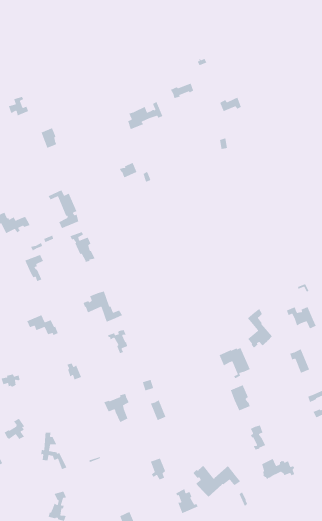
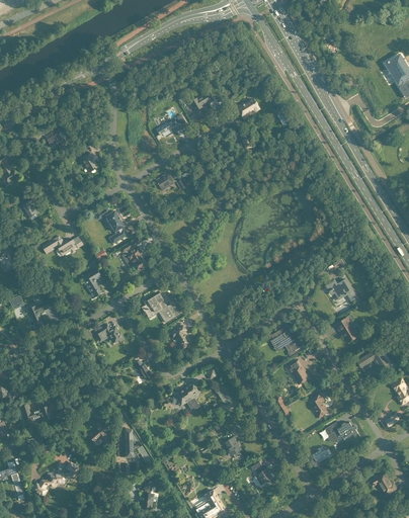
building: [247,308,273,349] -> none
building: [193,465,241,498] -> none

